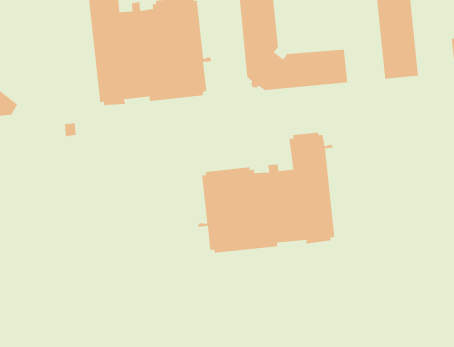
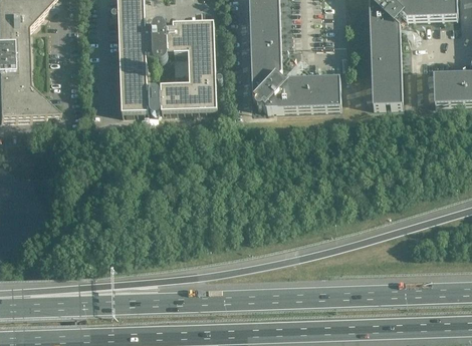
building: [197,132,335,253] -> none

